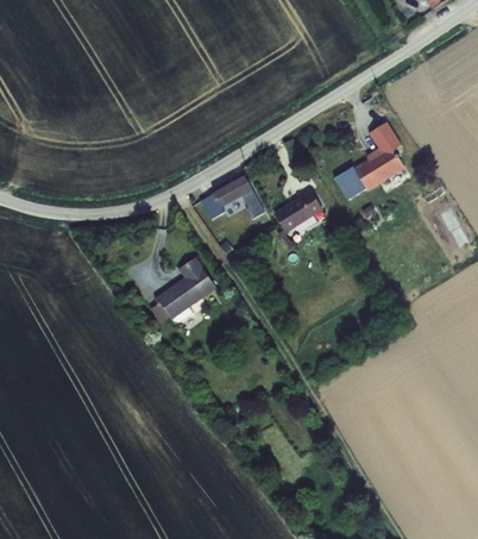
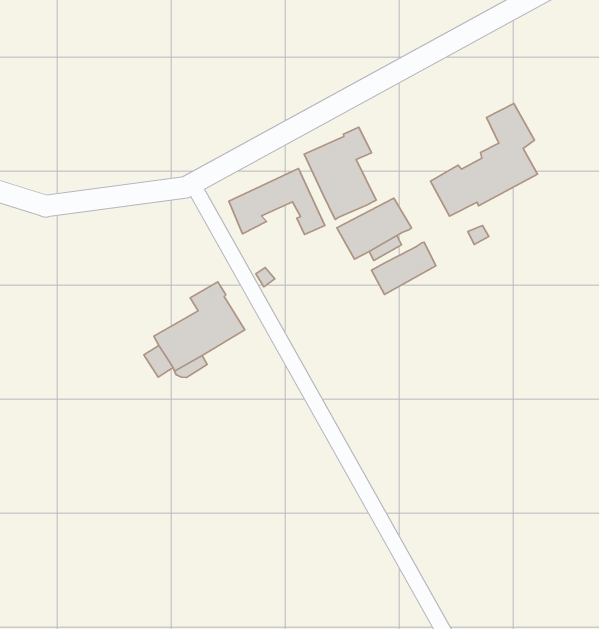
building: none -> [304,127,376,219]
building: none -> [372,242,436,295]

